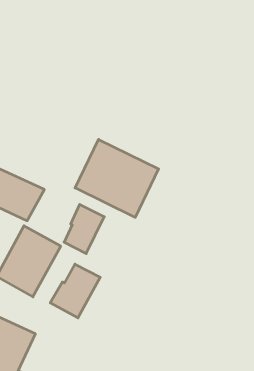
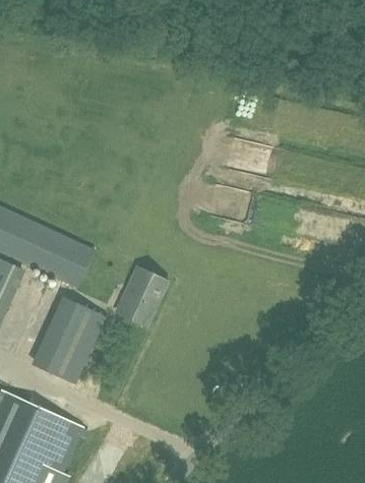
building: [75,139,159,217] -> none
building: [50,264,100,318] -> none

